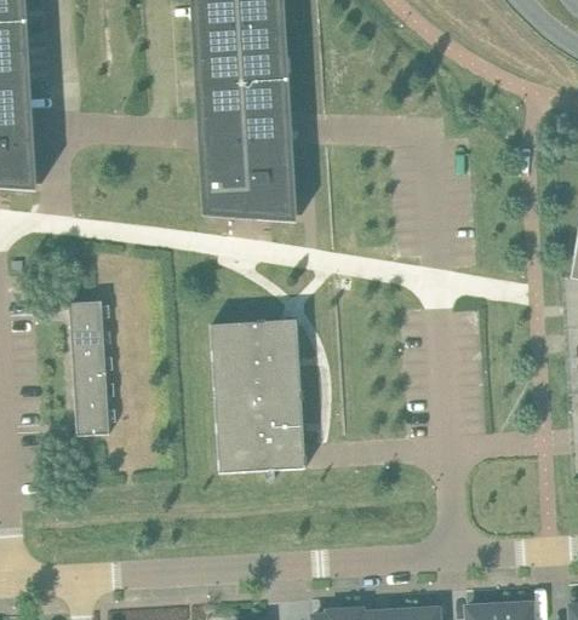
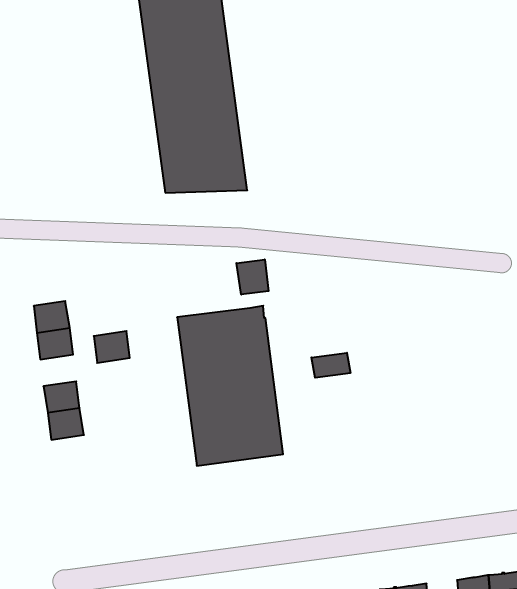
building: none -> [236,259,269,295]
building: [73,355,107,384] -> [94,331,130,363]
building: none -> [311,353,350,378]

